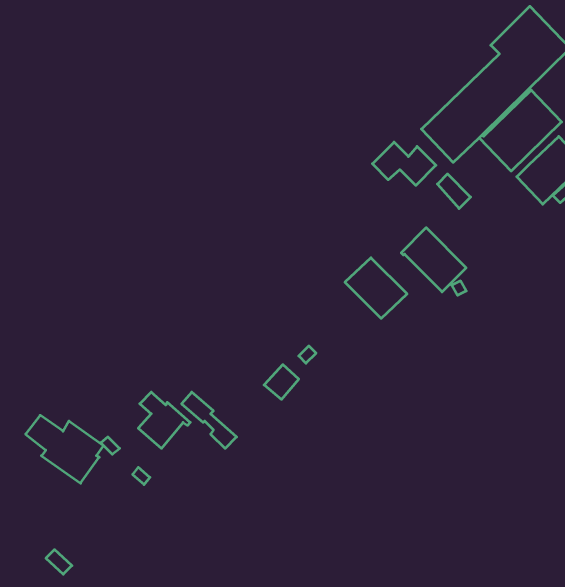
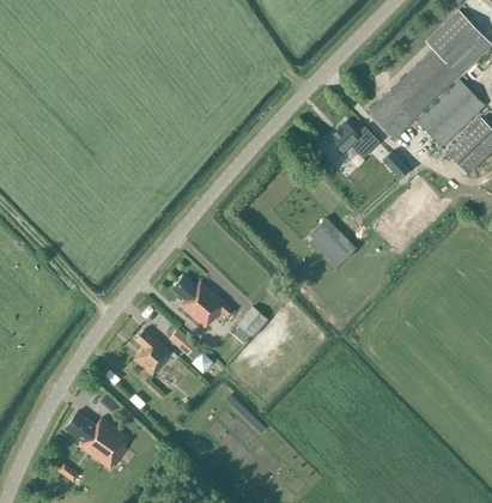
building: [401,228,466,292] -> none
building: none -> [171,275,235,327]
building: [26,415,104,483] -> [65,412,129,468]

